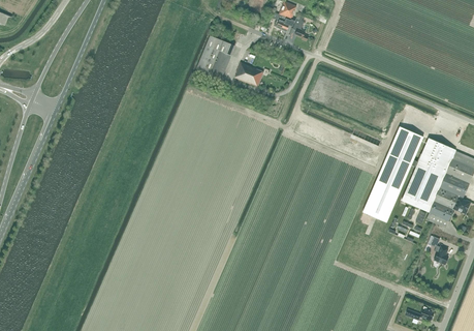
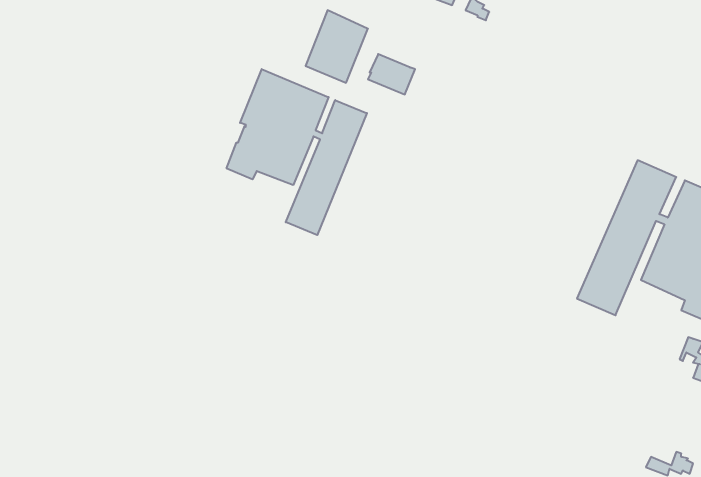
building: none -> [227,69,367,235]

